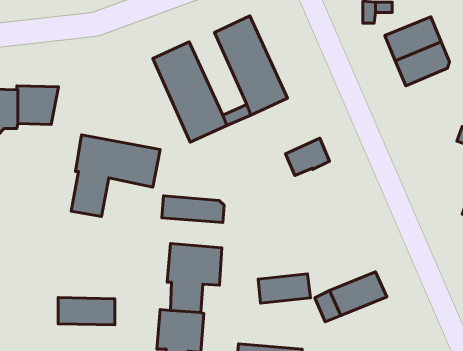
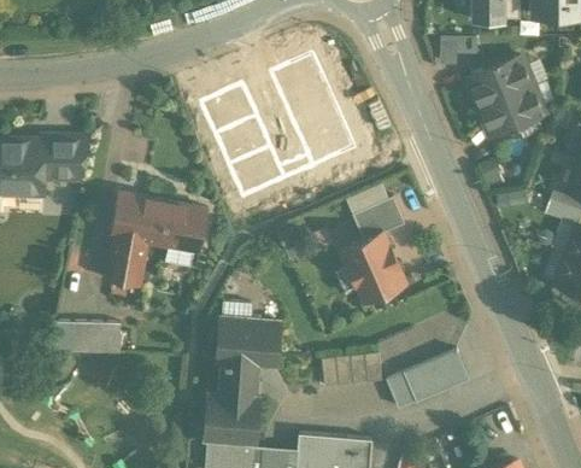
building: none -> [340,230,407,303]
building: [162,196,224,222] -> none
building: [58,298,115,325] -> [55,322,121,353]

